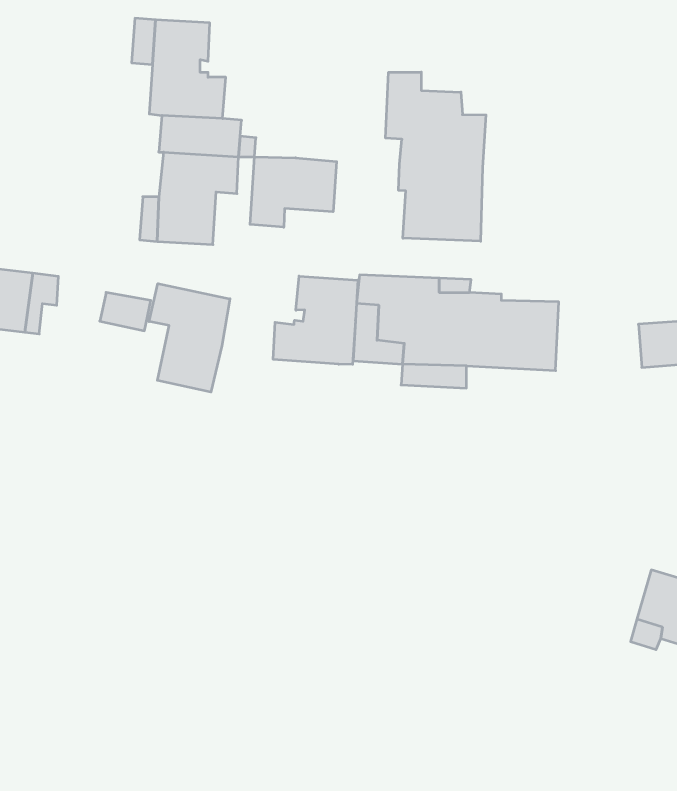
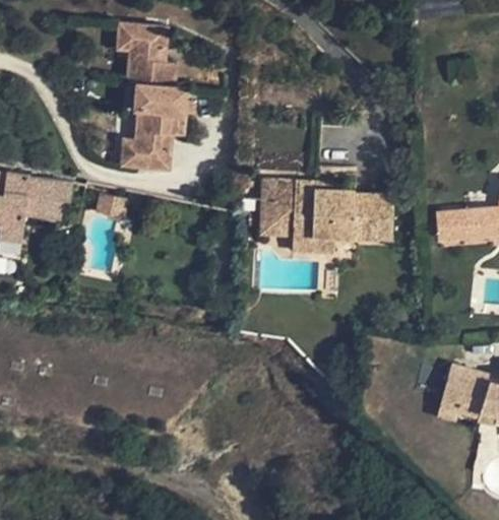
building: [386,72,486,241] -> none
building: [250,157,337,227] -> none
building: [273,276,358,364] -> none
building: [149,284,230,392] -> none

